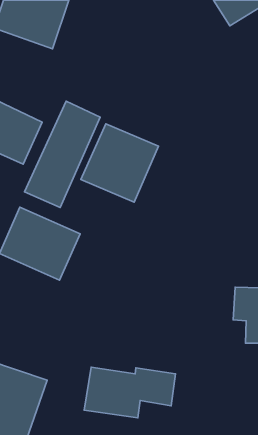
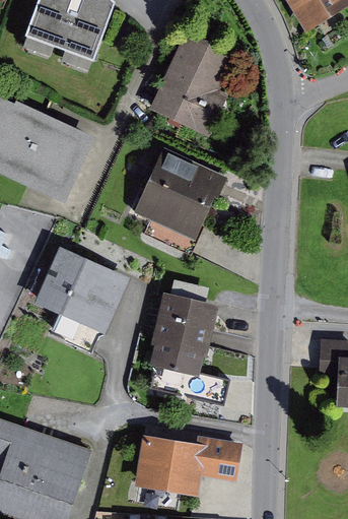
building: none -> [148,31,233,137]
building: [24,101,100,208] -> none
building: none -> [149,291,218,376]

